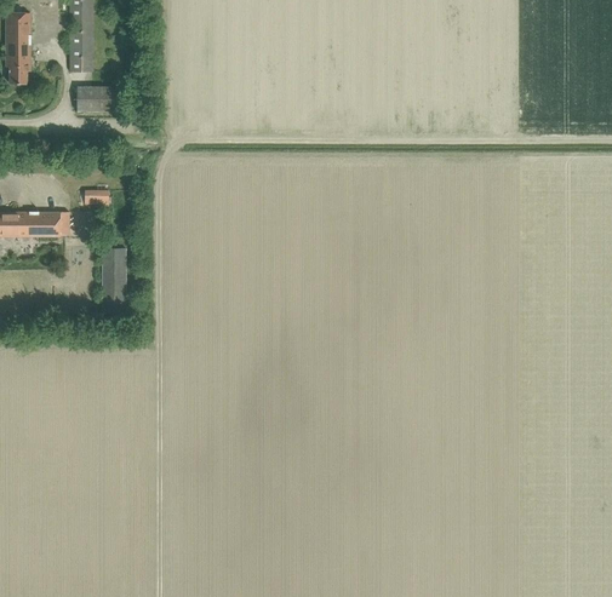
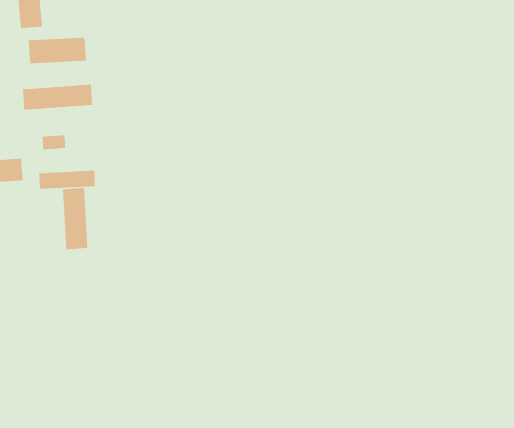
building: none -> [23,84,93,110]
building: none -> [39,170,95,190]

